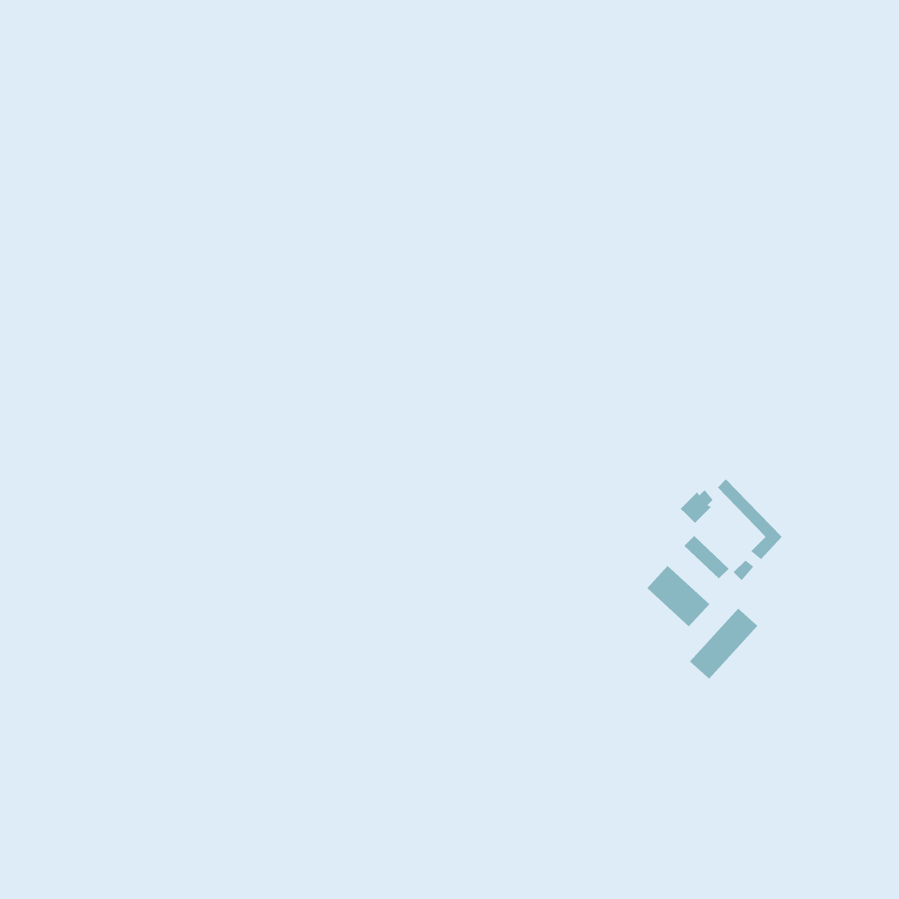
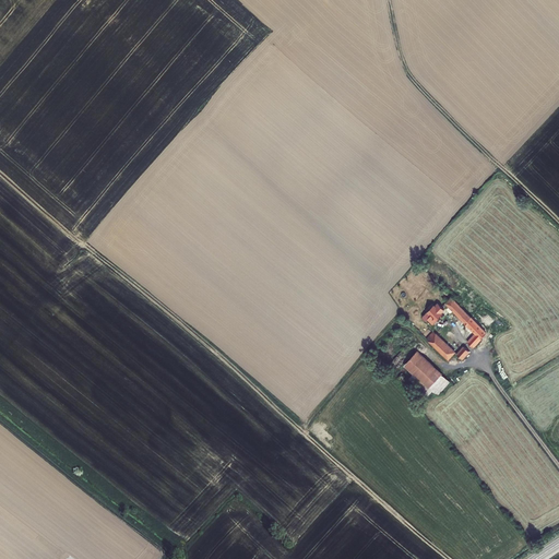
building: [689,608,758,679] -> none

